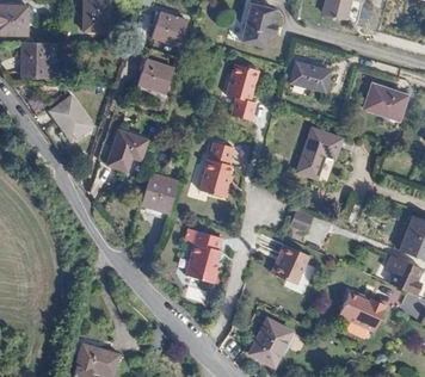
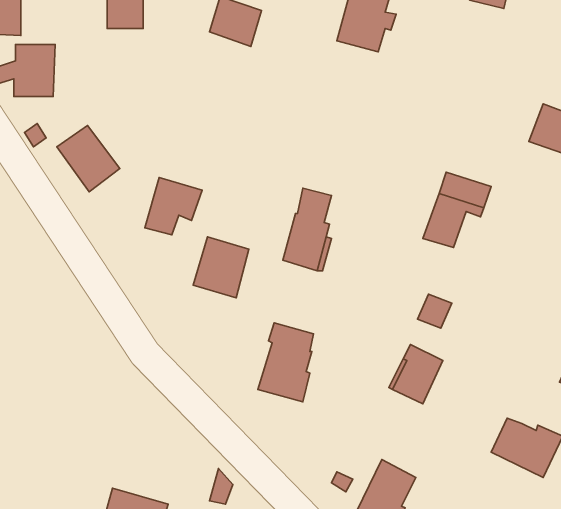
building: [137,60,172,93] -> none
building: [227,60,257,116] -> none
building: [289,64,329,95] -> none

